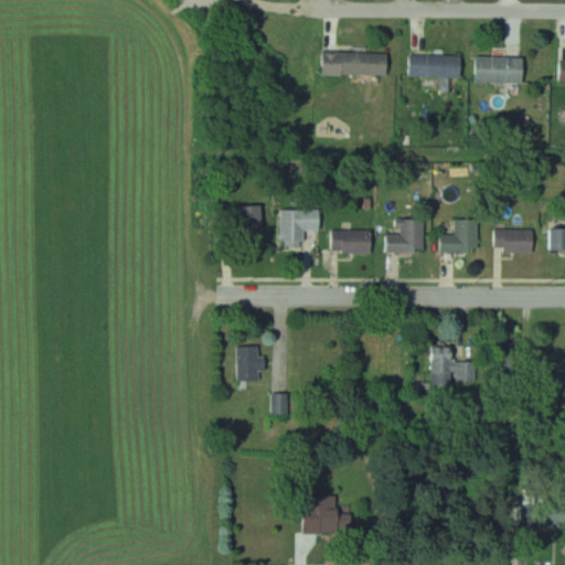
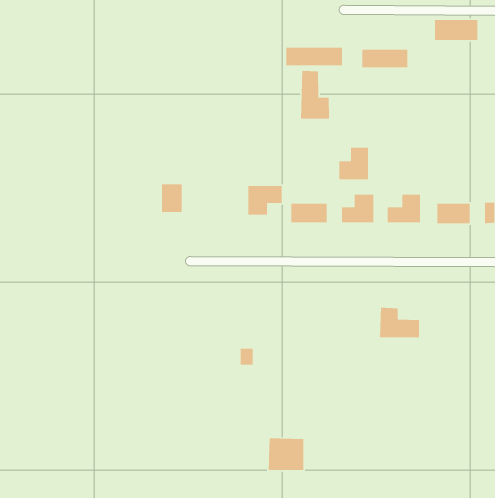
building: [476,57,525,82] -> [434,19,478,41]
building: none -> [300,70,330,119]
building: none -> [339,147,369,180]
building: [237,207,262,241] -> [161,184,183,213]
building: [236,347,263,381] -> none

